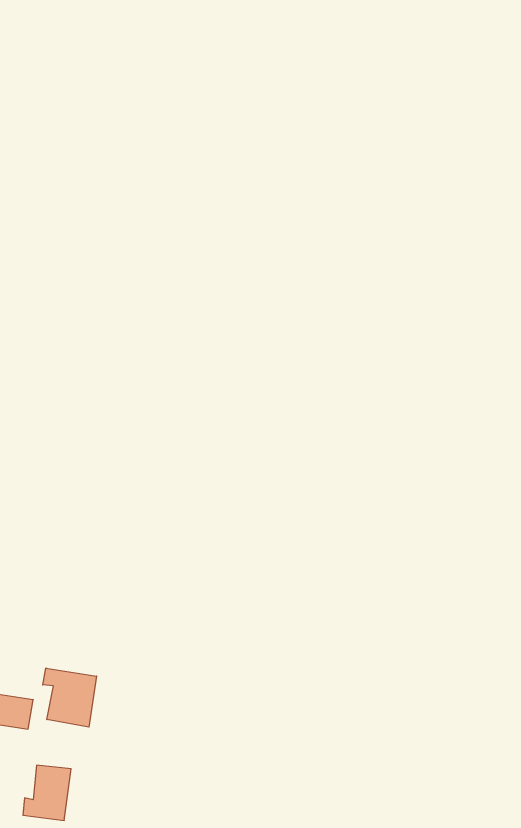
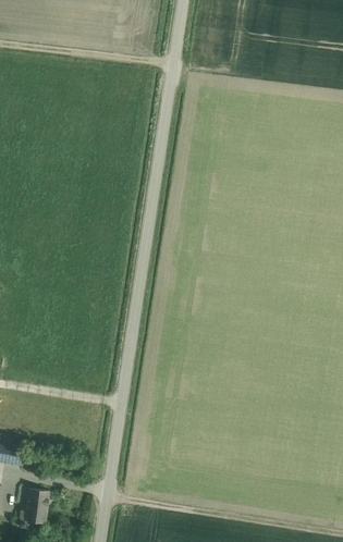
building: [43,668,97,727] -> none

